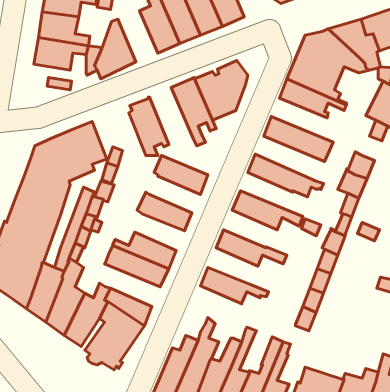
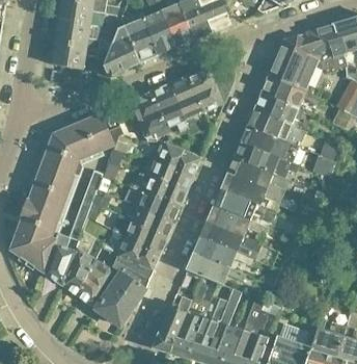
building: none -> [122,15,157,61]
building: none -> [149,83,187,132]
building: none -> [253,93,313,132]
building: none -> [240,125,299,163]
building: none -> [146,156,193,190]
building: none -> [227,156,282,193]
building: none -> [123,185,180,223]
building: none -> [213,188,274,220]
building: none -> [199,220,260,252]
building: none -> [104,231,159,270]
building: none -> [186,253,243,285]

